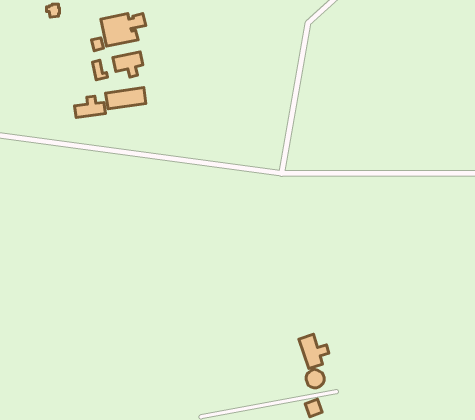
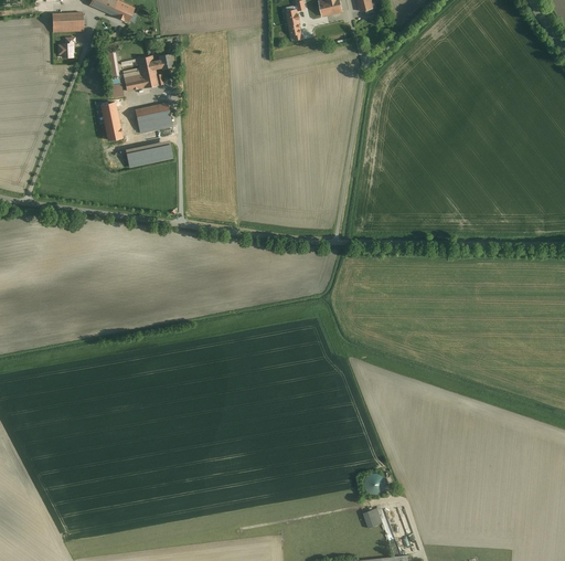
building: [74,96,105,118] -> none
building: [299,334,329,369] -> none

